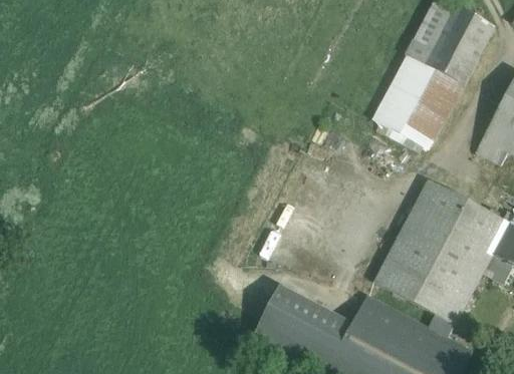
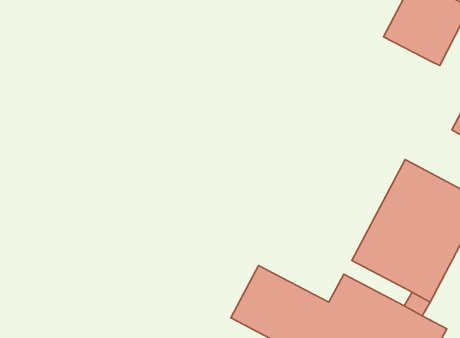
building: [374,54,458,144] -> none

